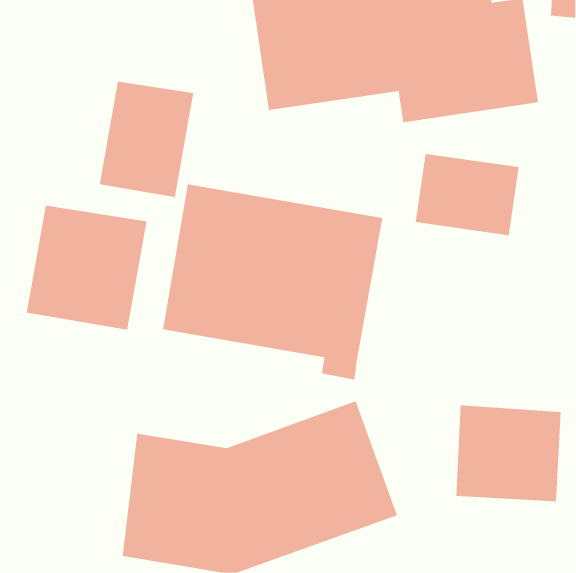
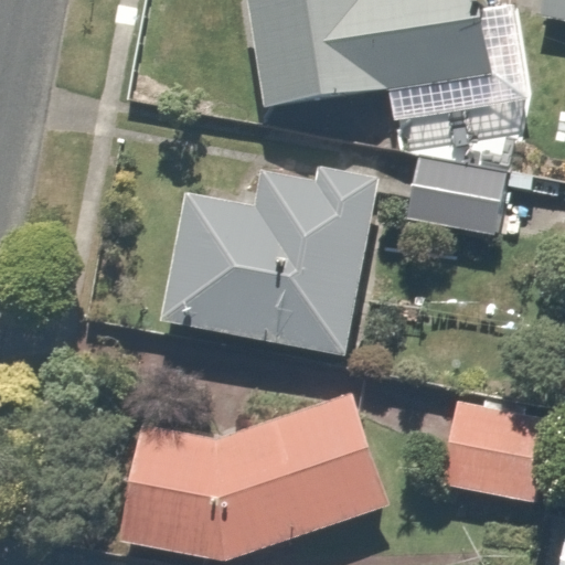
building: [99,81,194,198] -> none
building: [26,205,147,331] -> none

